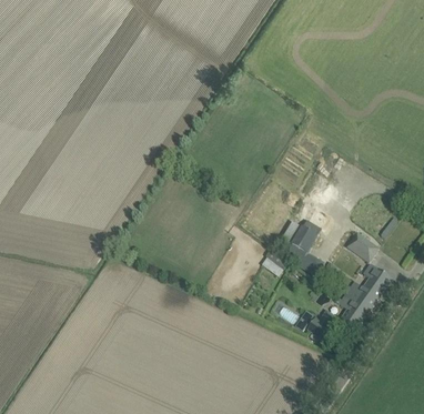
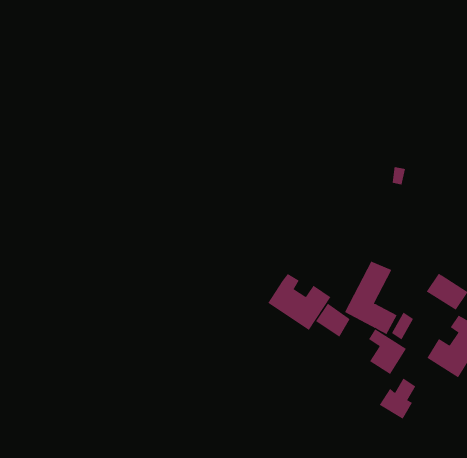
building: none -> [267,273,331,331]
building: [339,295,367,331] -> [368,329,407,375]

